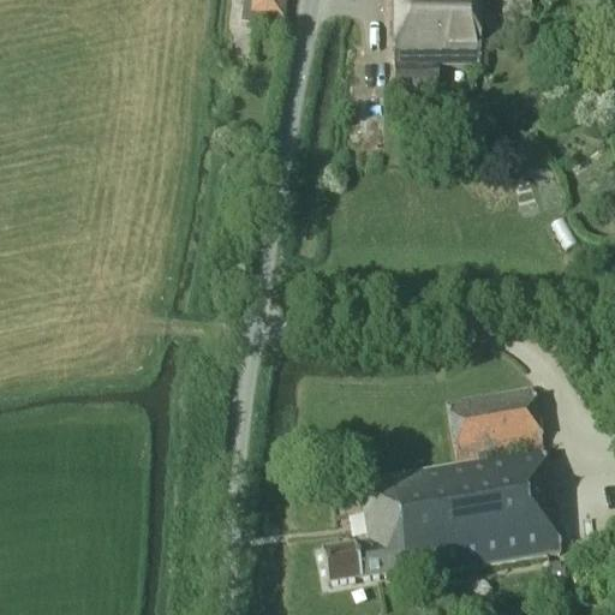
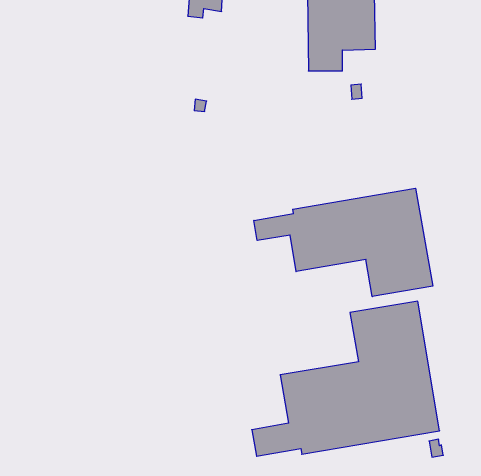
building: none -> [254,188,433,297]

